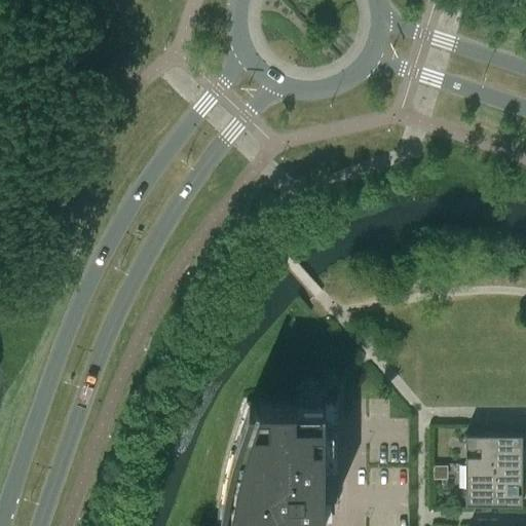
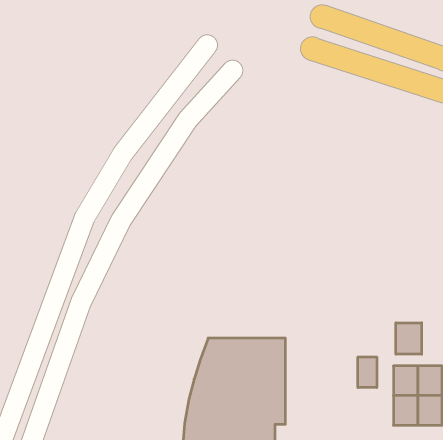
building: none -> [396,323,422,354]
building: none -> [358,357,377,388]

